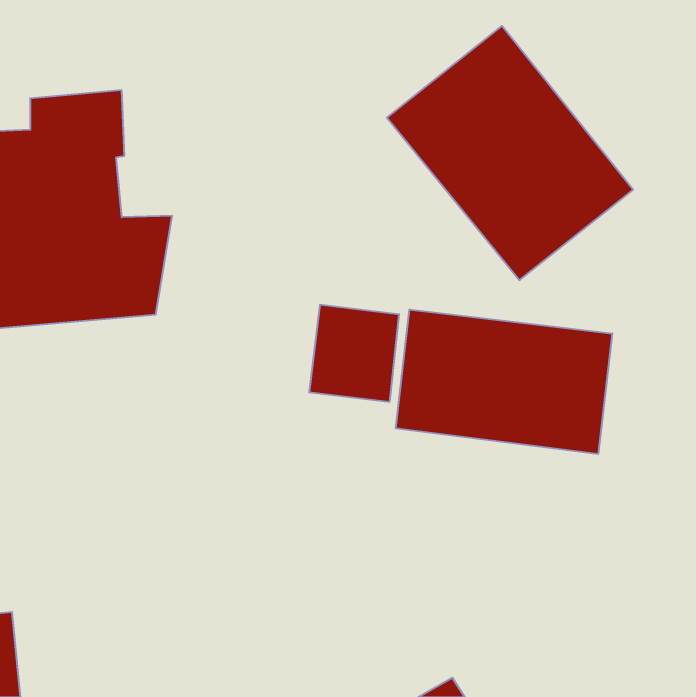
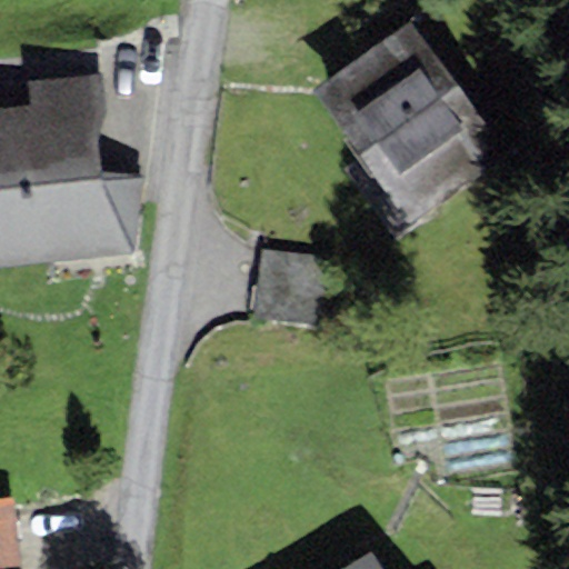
building: [396,309,612,454] -> none

